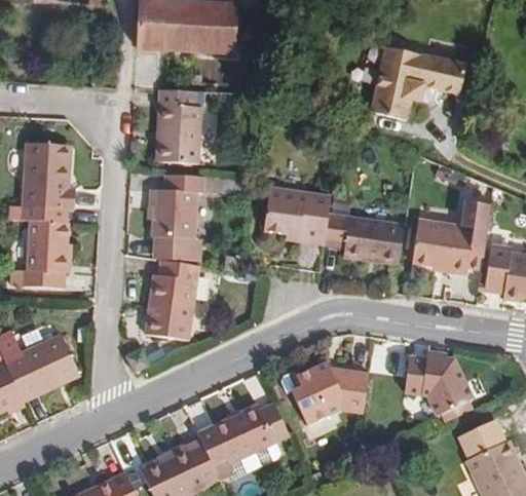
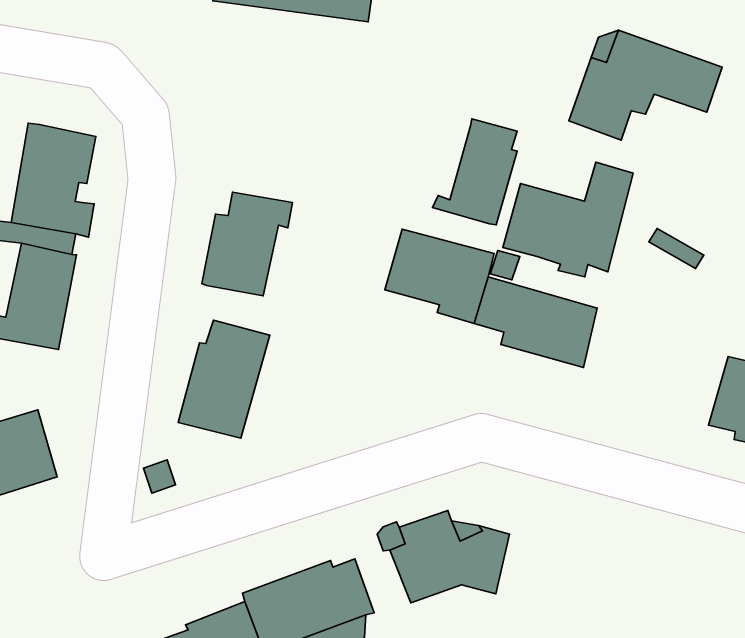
building: [159,89,203,167] -> none
building: none -> [433,119,517,225]
building: [412,199,489,273] -> [503,162,633,277]
building: [152,238,199,263] -> none
building: [407,347,474,419] -> none

